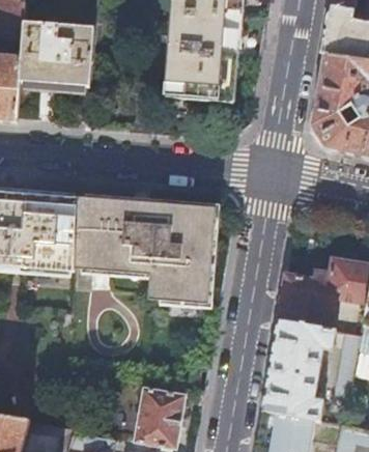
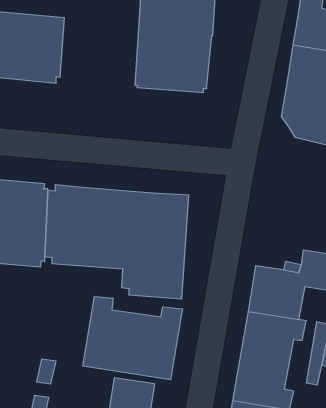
building: none -> [83,296,182,380]

